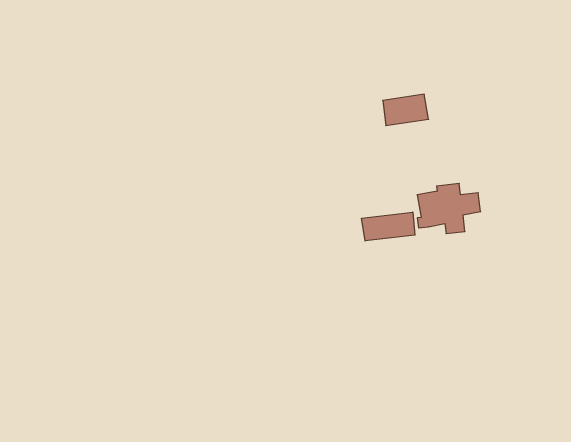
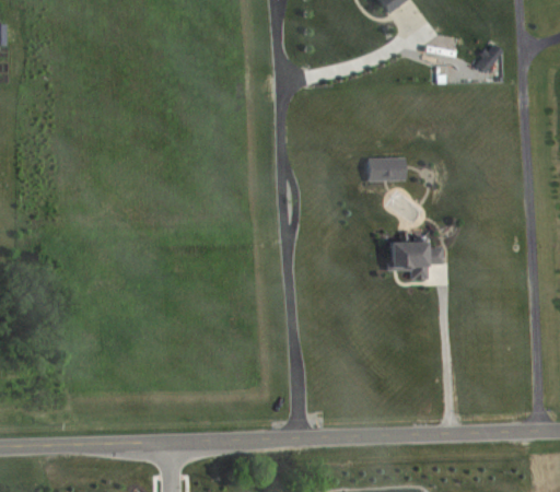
building: [362,212,415,241] -> none

